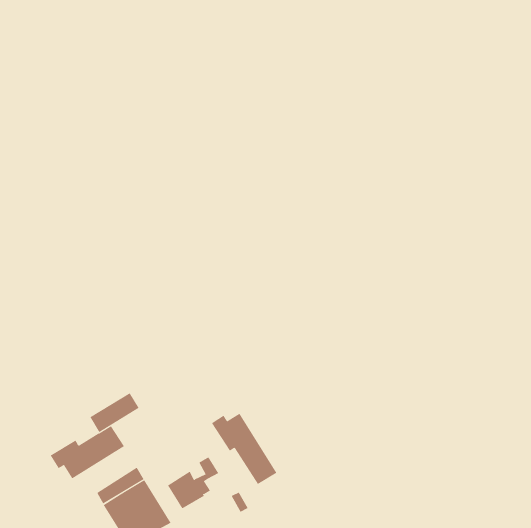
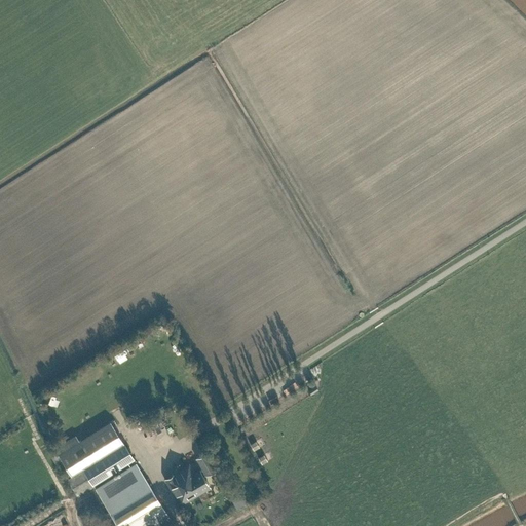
building: [90,392,139,433] -> [84,446,134,486]
building: [211,413,277,485] -> none

